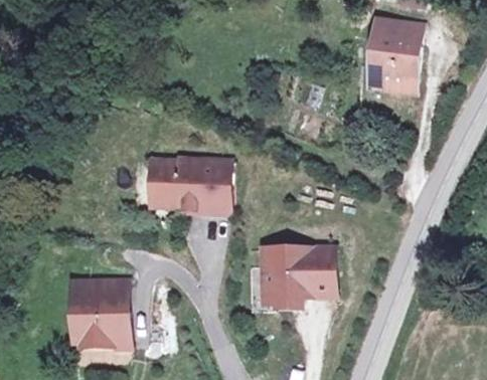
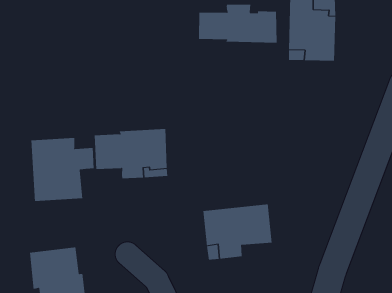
building: none -> [198,4,277,44]
building: none -> [31,137,94,202]

